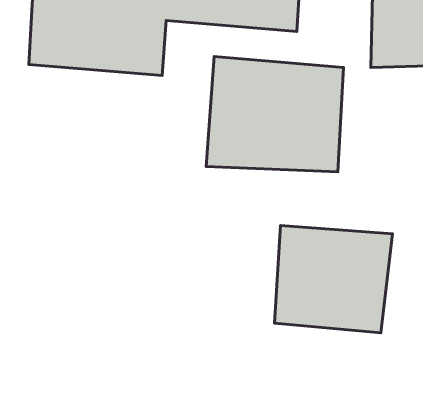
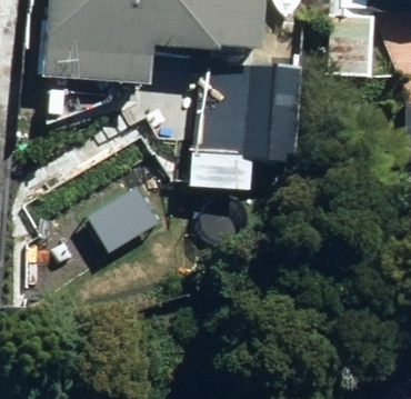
building: [275,225,393,333] -> none

